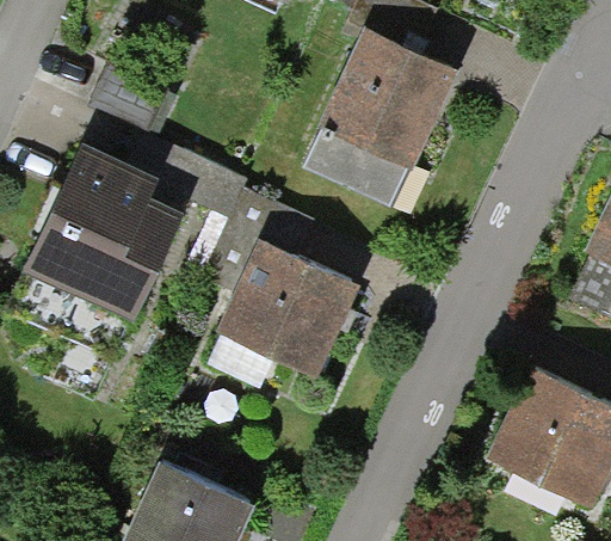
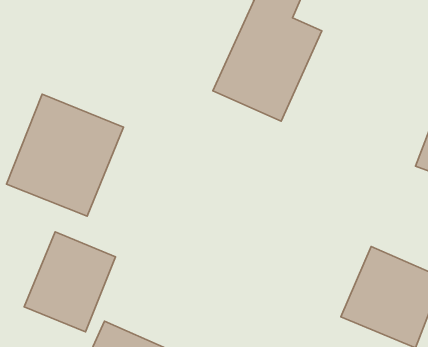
building: [220,242,356,379] -> none
building: none -> [24,232,116,332]

